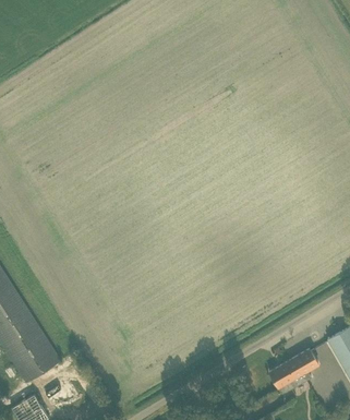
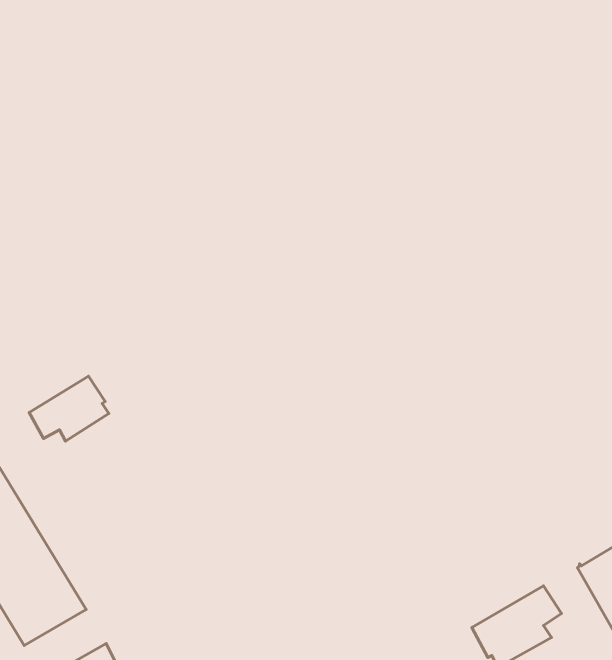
building: none -> [29,376,109,441]

